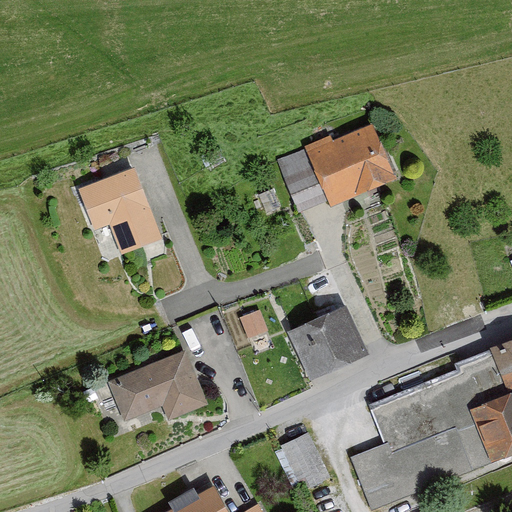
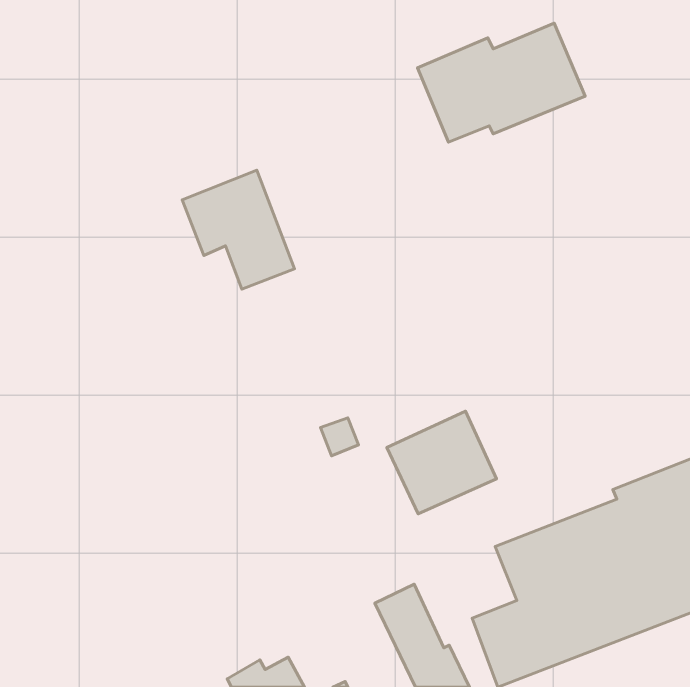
building: [275,124,399,212] -> [418,23,585,142]
building: [78,167,161,255] -> [182,170,295,289]
building: [108,351,205,421] -> none

